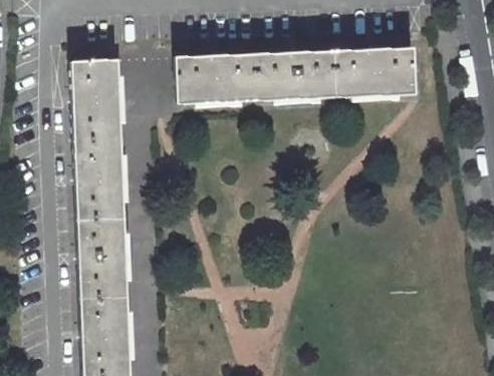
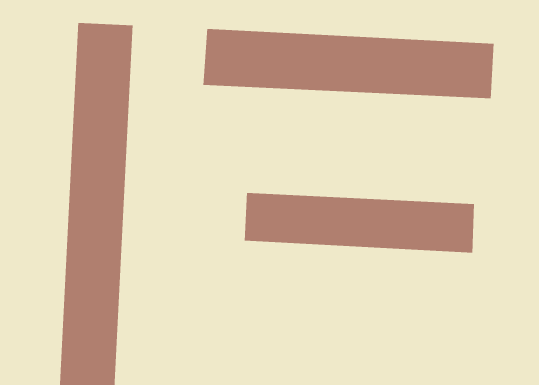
building: none -> [244,192,475,254]

